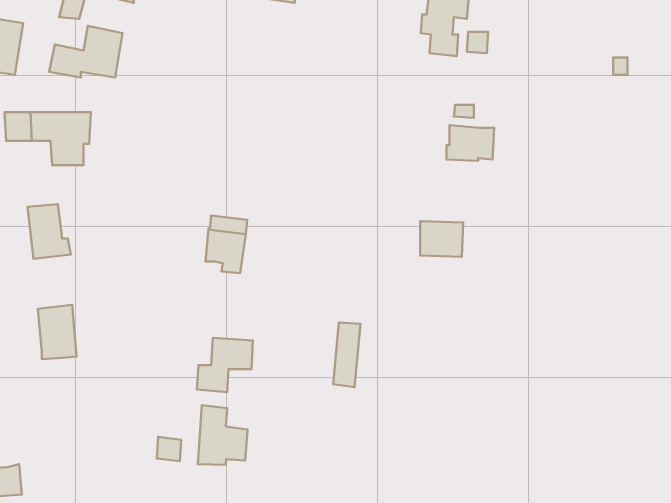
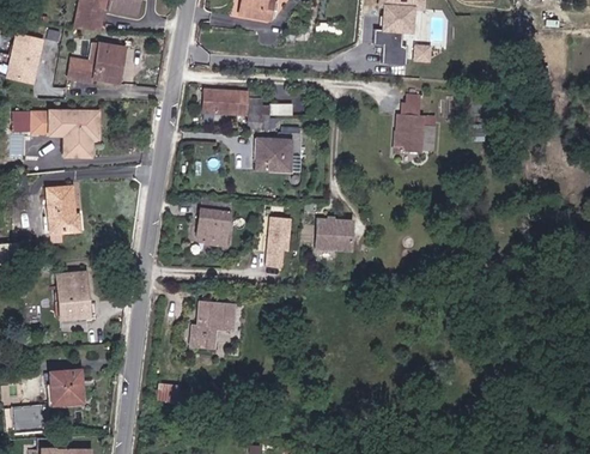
building: none -> [202,89,263,131]
building: none -> [255,131,299,171]
building: [420,221,463,257] -> [320,219,355,249]
building: [333,322,360,387] -> [264,214,287,268]
building: [198,405,247,465] -> none
building: none -> [49,369,83,404]

